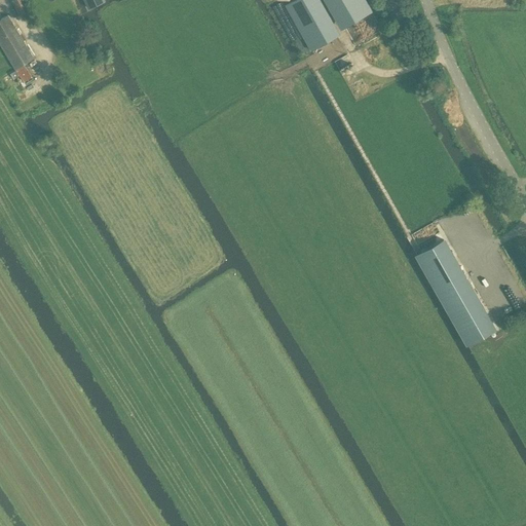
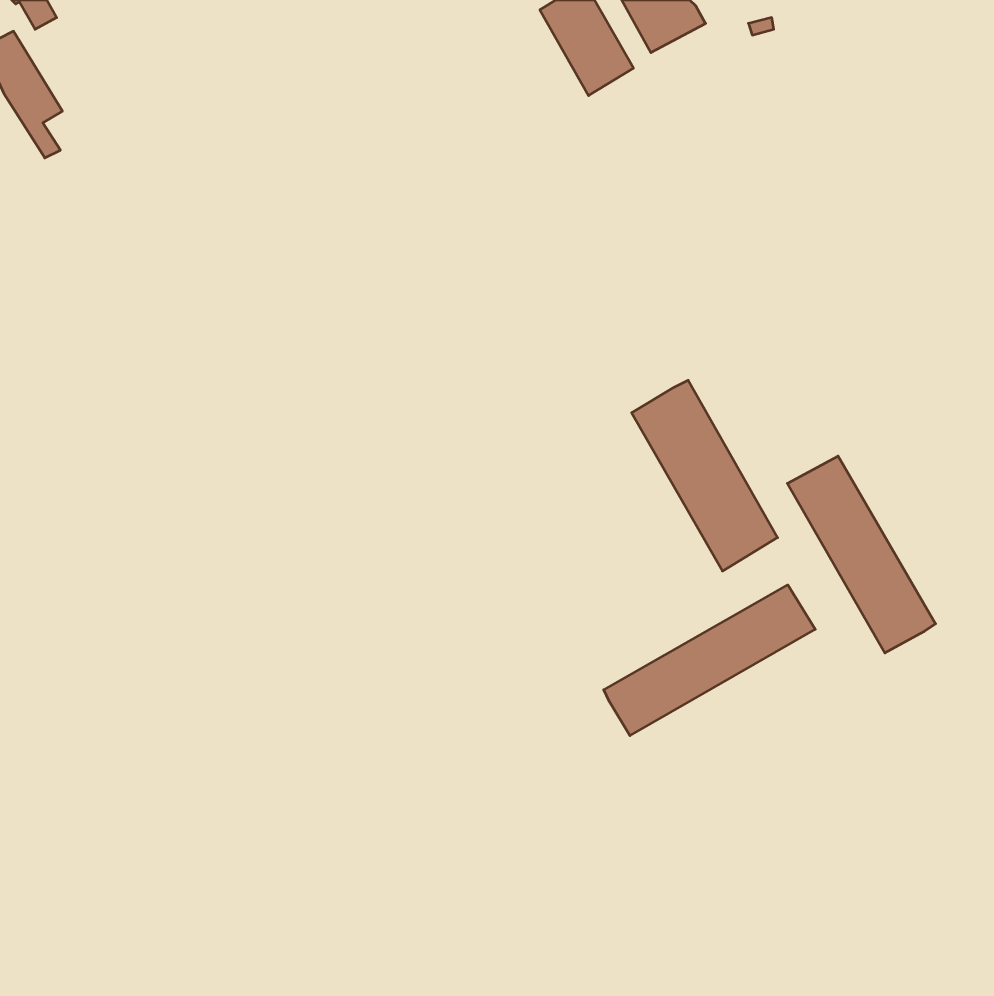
building: none -> [632,380,778,571]
building: none -> [604,585,815,736]

